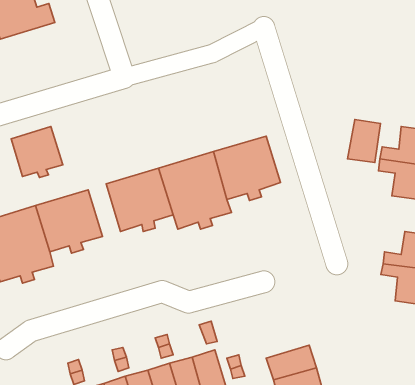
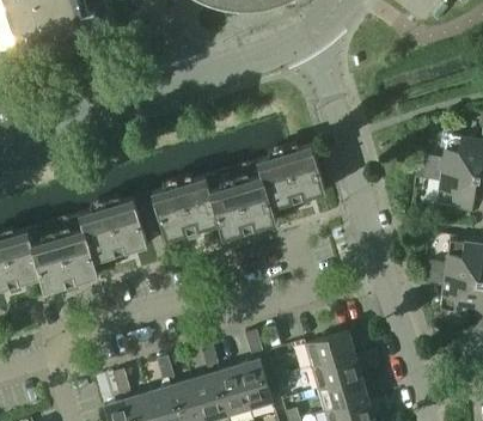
building: [348,120,381,162] -> none
building: [11,126,63,178] -> none
building: none -> [304,331,354,367]

